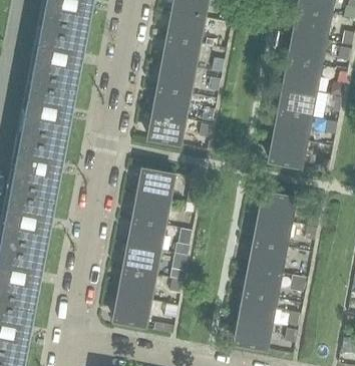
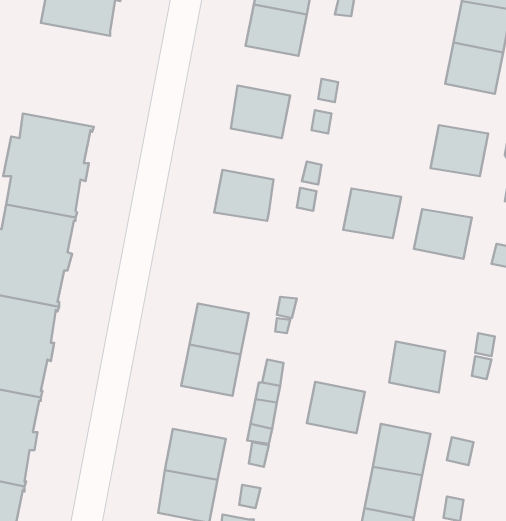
building: [31,25,85,88] -> none
building: [162,39,200,69] -> none
building: [285,62,319,92] -> none
building: [153,89,190,120] -> none
building: [275,113,310,143] -> [343,189,401,238]
building: [138,169,174,202] -> none
building: [259,193,294,225] -> none
building: [250,244,285,275] -> [307,382,365,433]
building: [123,246,159,278] -> none

